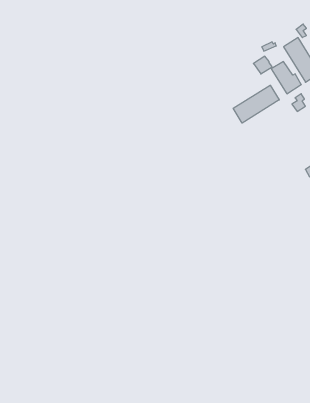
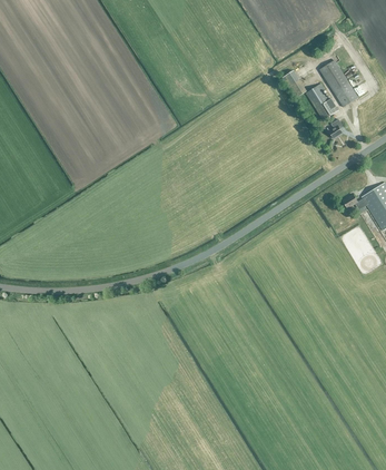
building: [233,85,279,123] -> none

